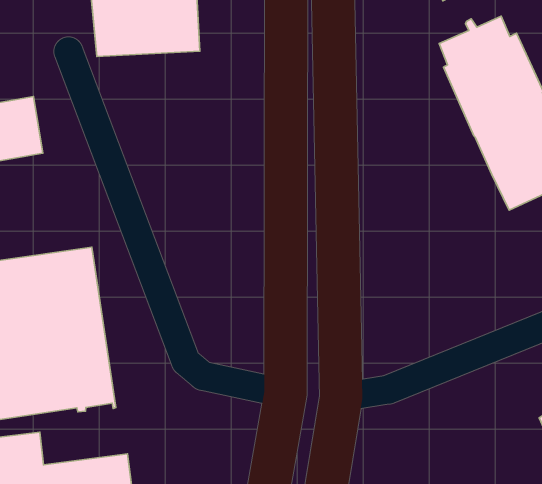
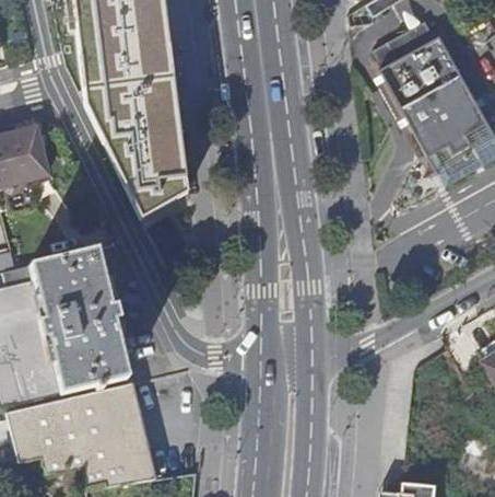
building: none -> [87,72,188,216]
building: none -> [63,378,142,432]

